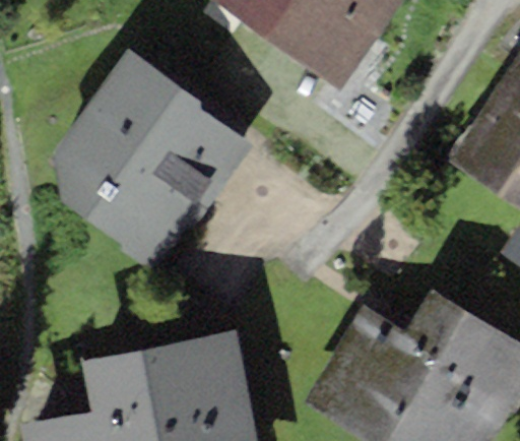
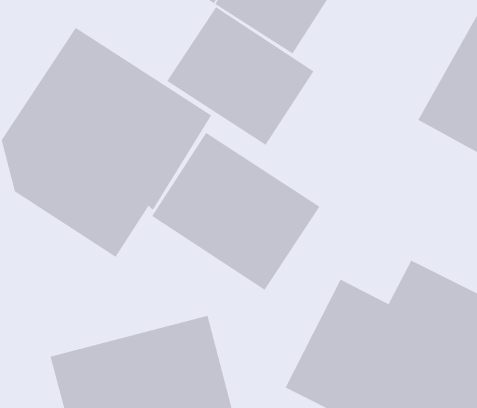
building: none -> [166,6,314,146]
building: none -> [151,132,321,291]

